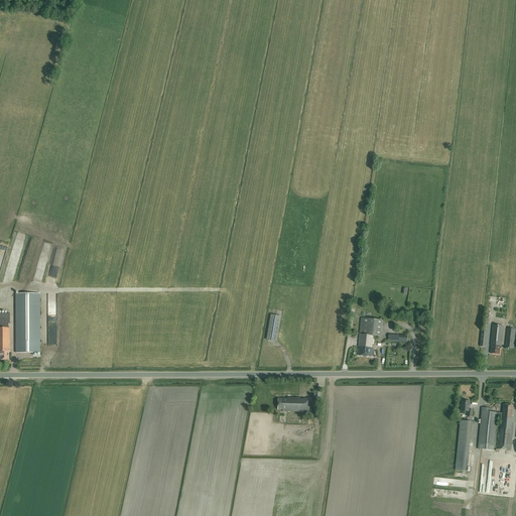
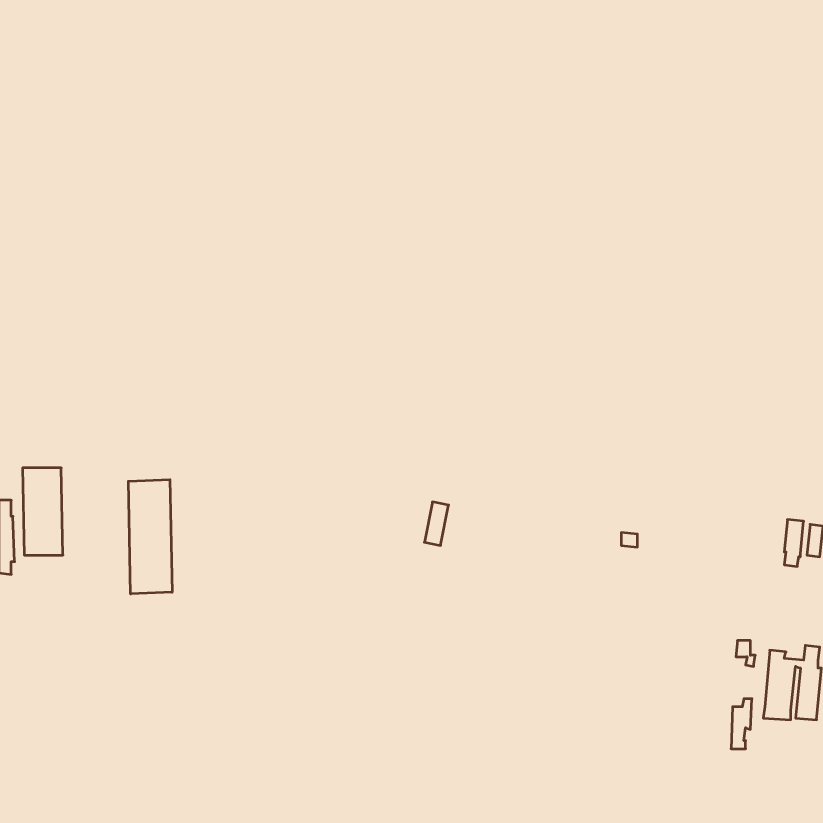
building: none -> [128,480,172,594]
building: [357,317,378,355] -> none
building: [277,396,310,411] -> none

